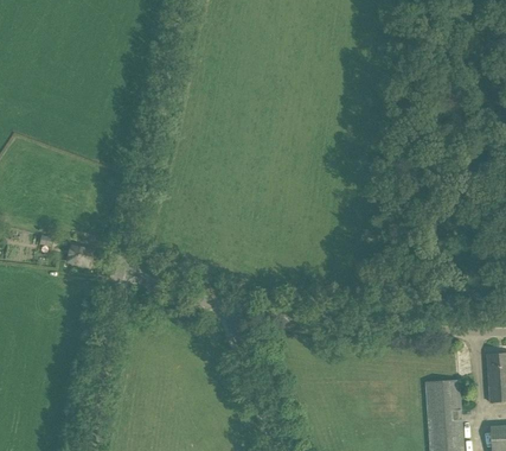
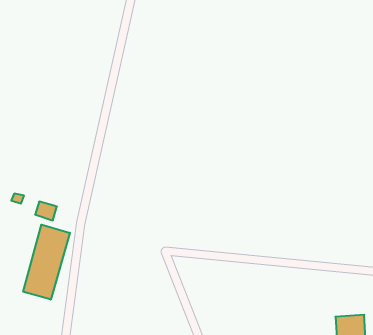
building: none -> [23,225,70,300]

